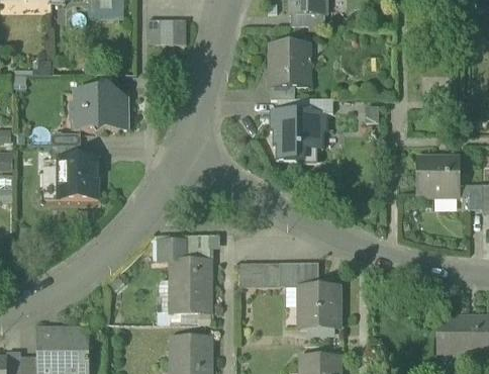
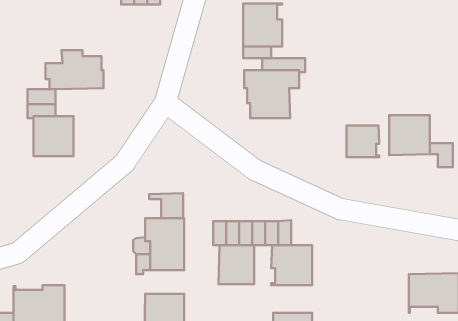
building: none -> [347,125,379,157]
building: [160,241,187,261] -> none
building: none -> [219,245,254,284]

